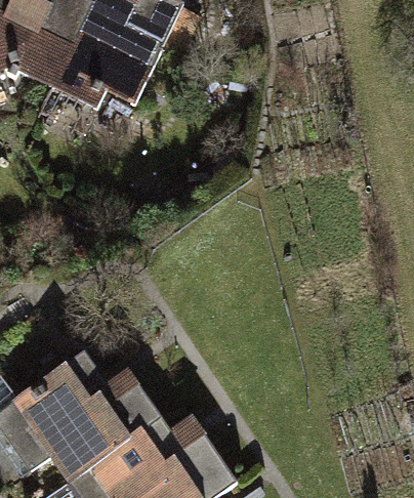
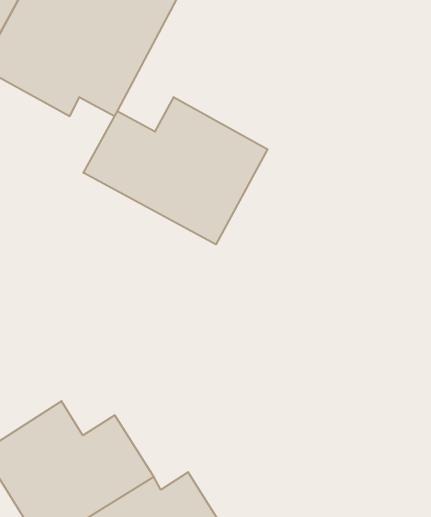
building: none -> [83,97,268,244]

